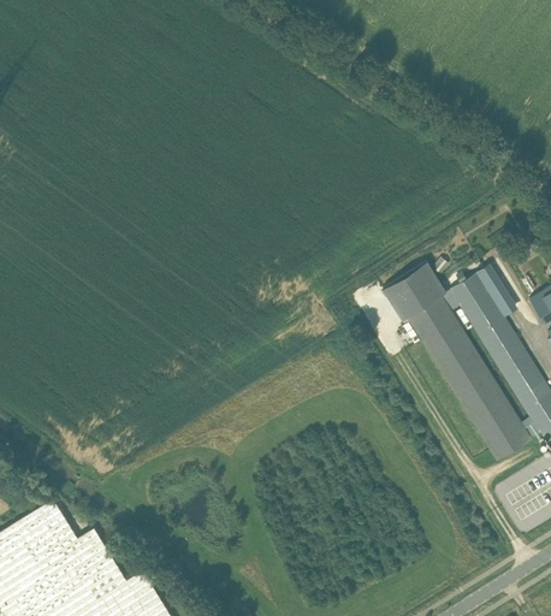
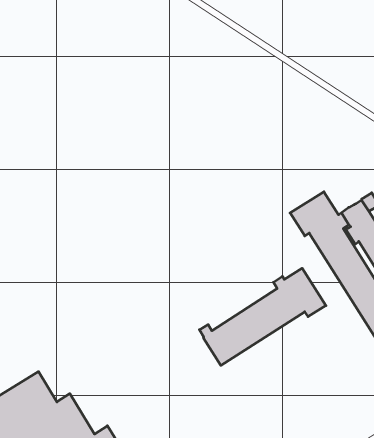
building: none -> [199,268,326,365]

